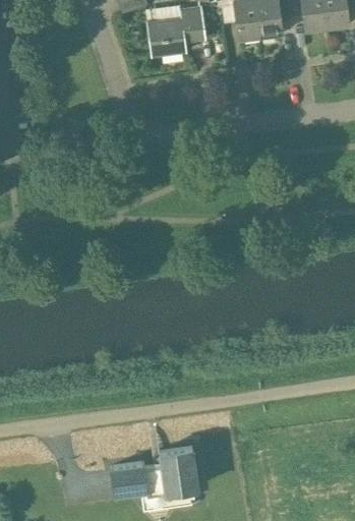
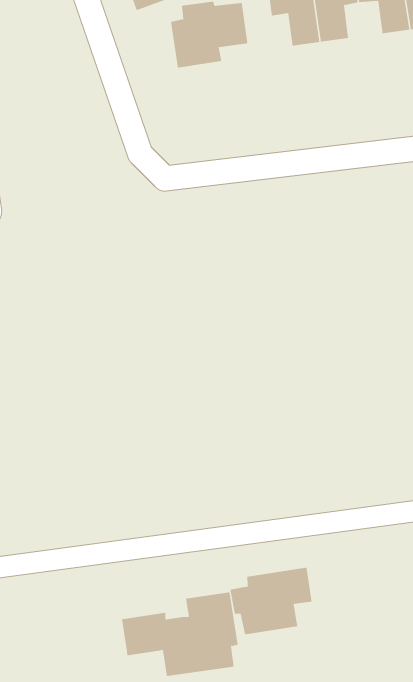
building: none -> [230,567,312,635]

